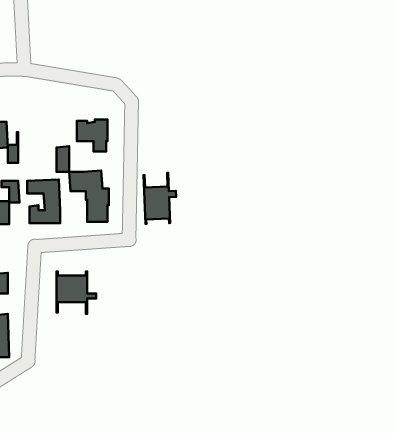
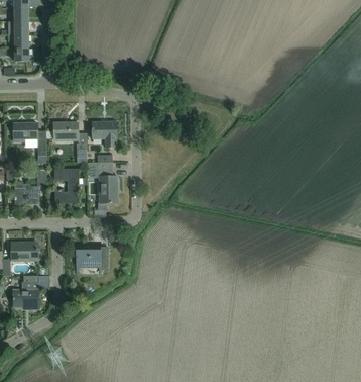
building: none -> [53,121,78,139]
building: [144,173,176,224] -> none

